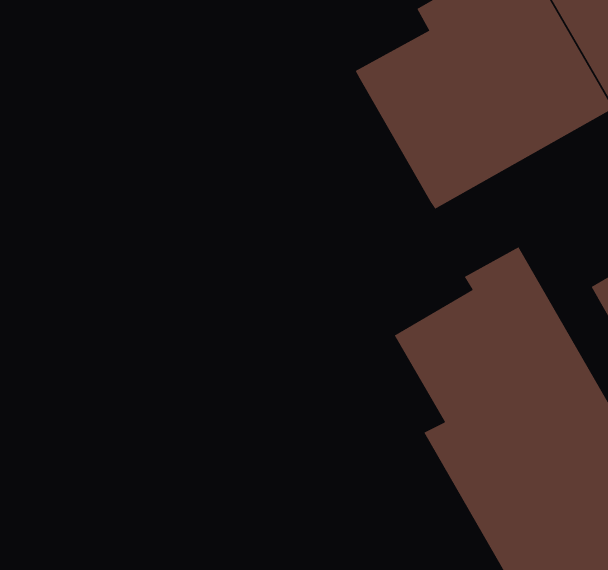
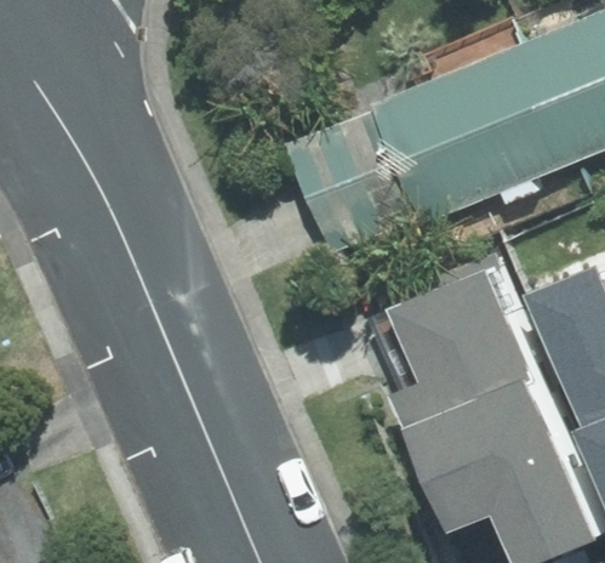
building: none -> [287,112,418,254]

